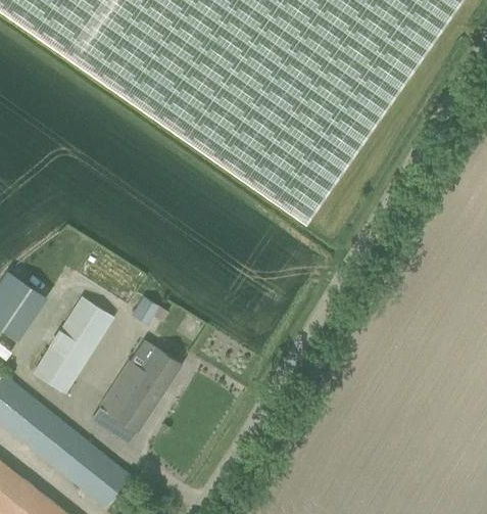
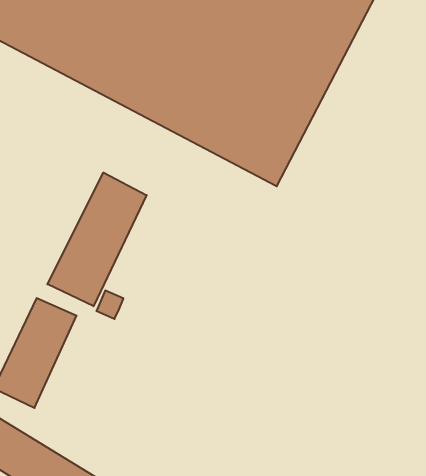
building: none -> [47,173,147,306]
building: [91,346,181,442] -> none

